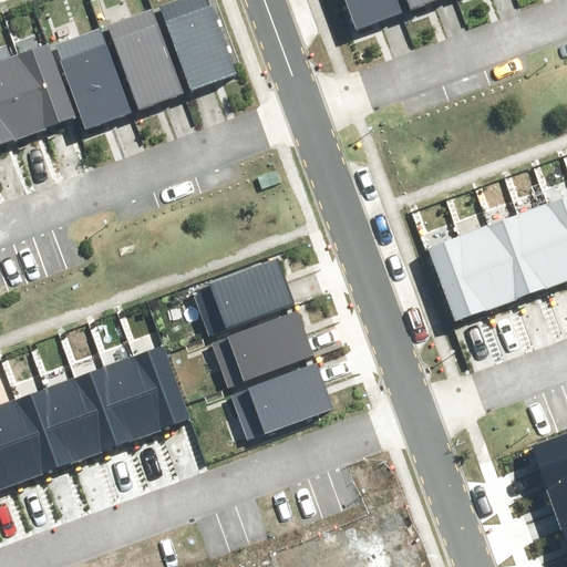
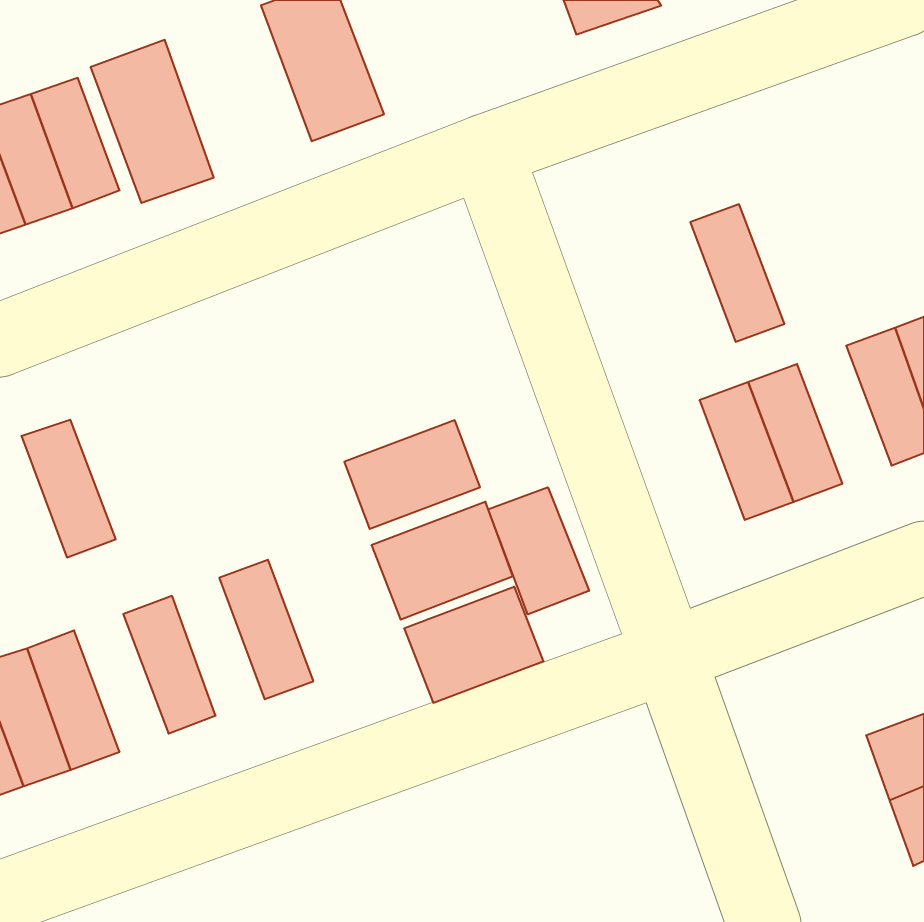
building: [110,8,184,109] -> none
building: [487,214,545,298] -> [690,204,784,342]
building: none -> [488,487,589,614]
building: [105,355,162,440] -> none
building: [45,378,103,462] -> [21,420,116,557]

